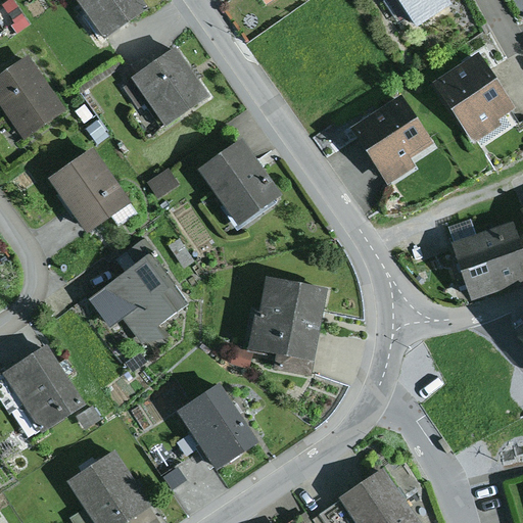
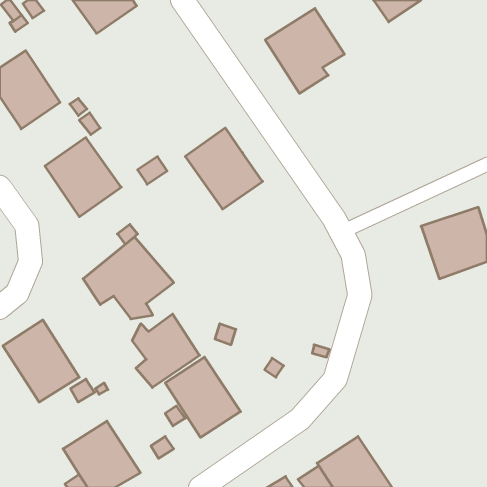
building: [122,47,208,126] -> none
building: [432,52,514,144] -> none
building: [348,94,433,185] -> [265,8,344,93]
building: [247,276,327,376] -> none
building: none -> [132,314,200,388]

